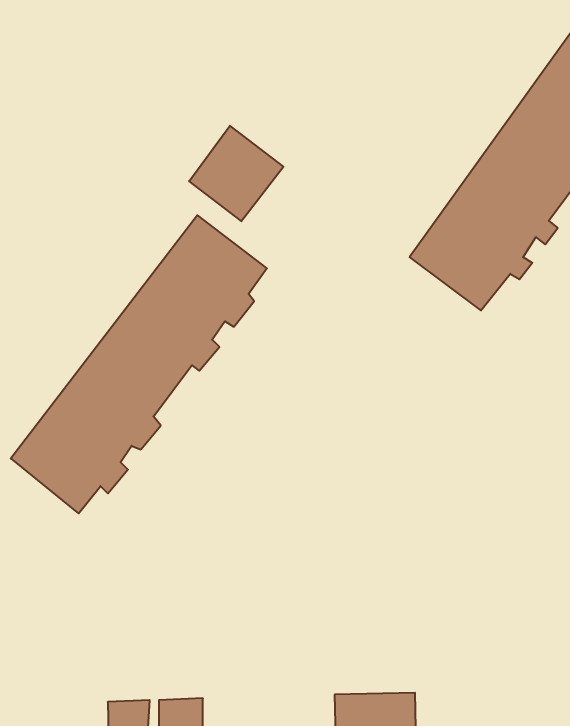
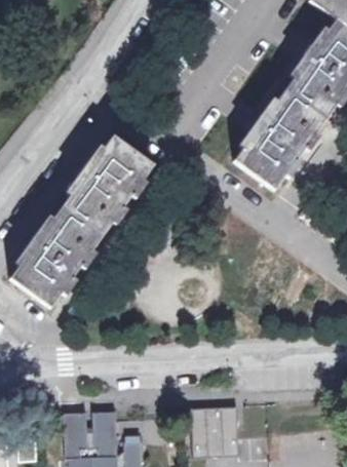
building: [189,126,283,221] -> none

